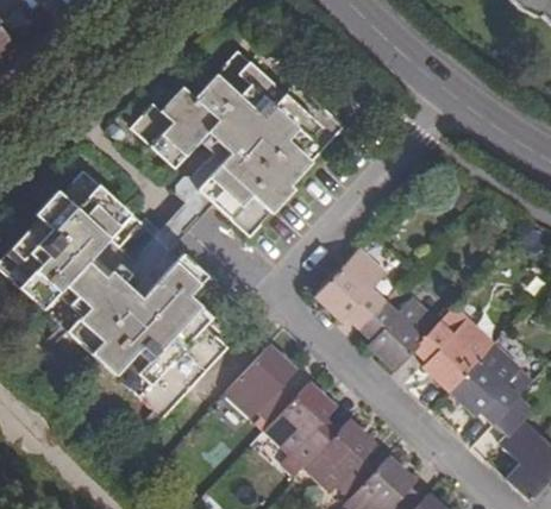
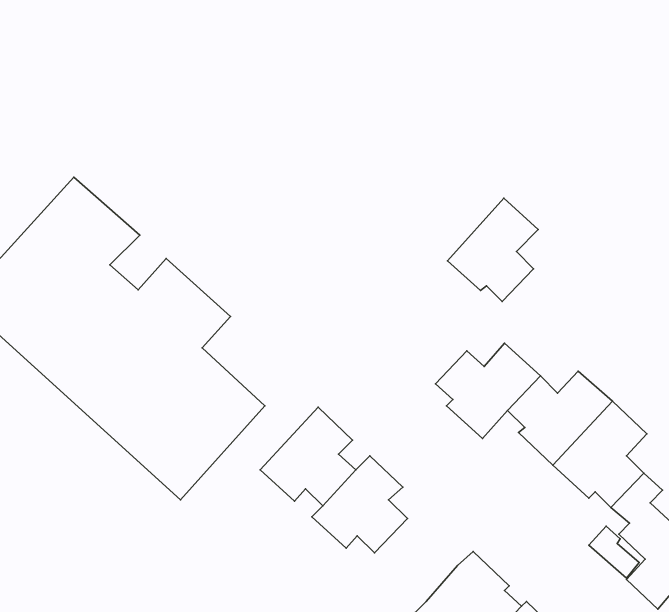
building: [132,51,344,232] -> none
building: [317,250,386,328] -> [448,198,538,302]
building: [303,420,375,494] -> none

